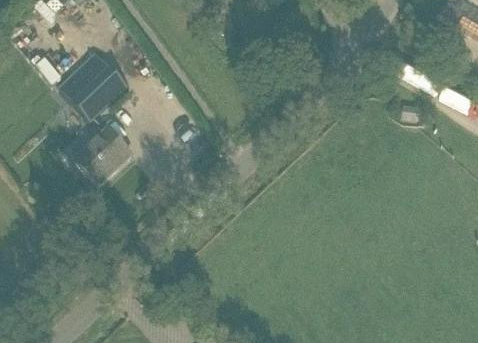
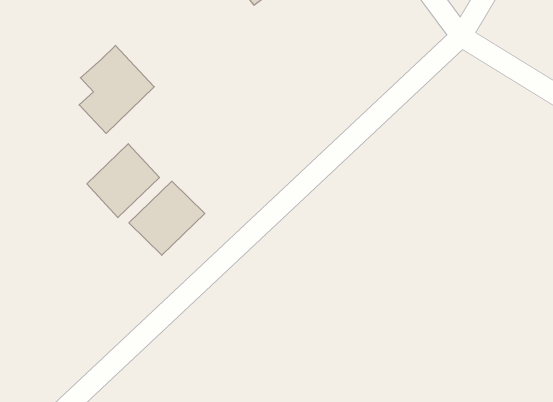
building: none -> [129,181,205,255]

